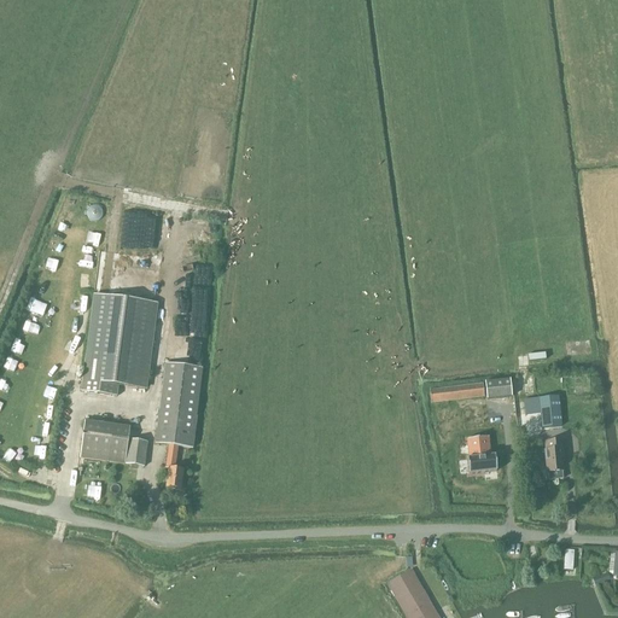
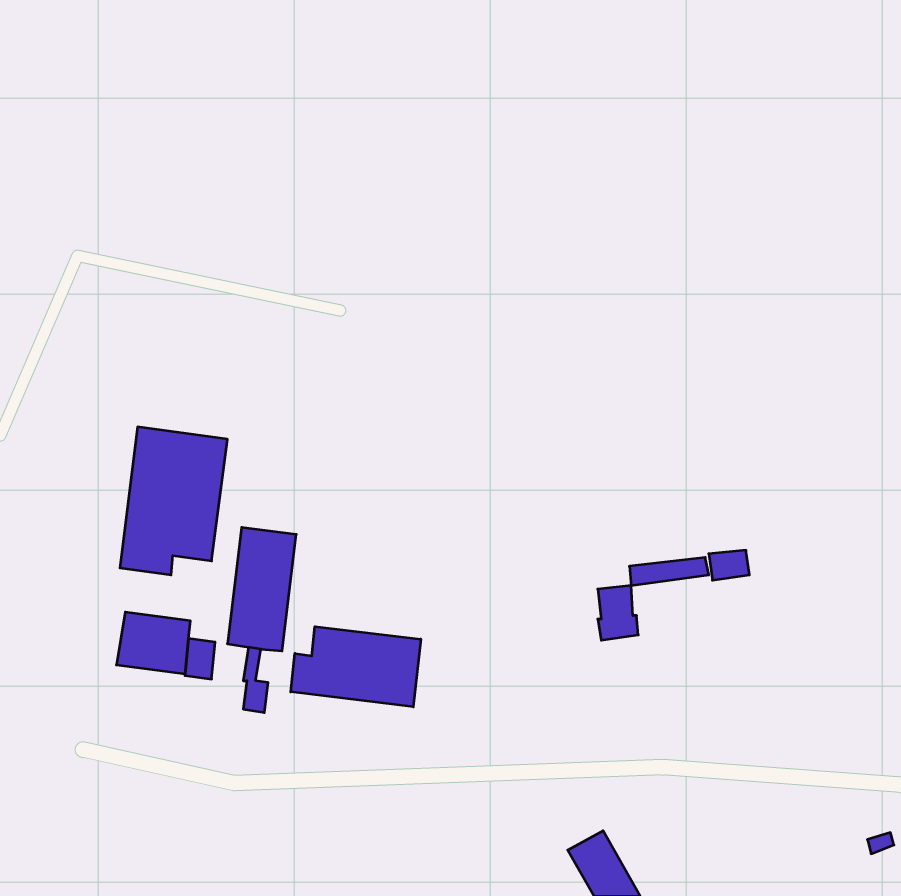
building: [524,393,561,425] -> none
building: none -> [291,627,421,707]
building: [466,435,494,472] -> [598,586,638,640]
building: [546,438,564,478] -> none

